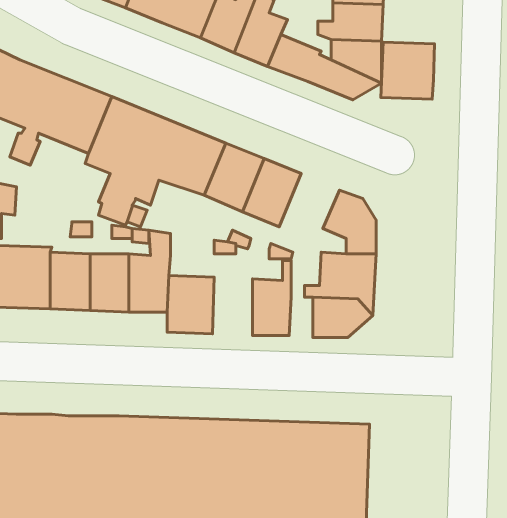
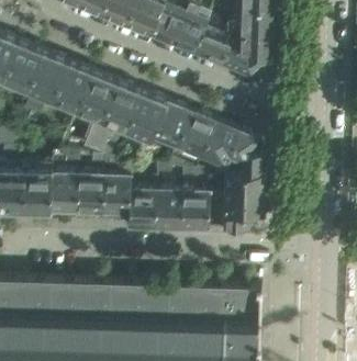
building: [381,42,435,99] -> none
building: none -> [202,124,242,169]
building: none -> [158,192,185,230]

